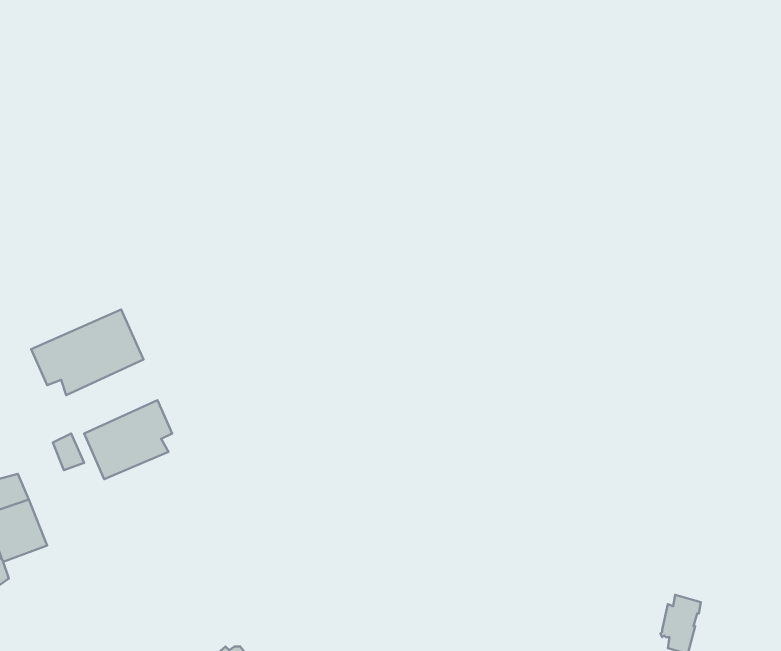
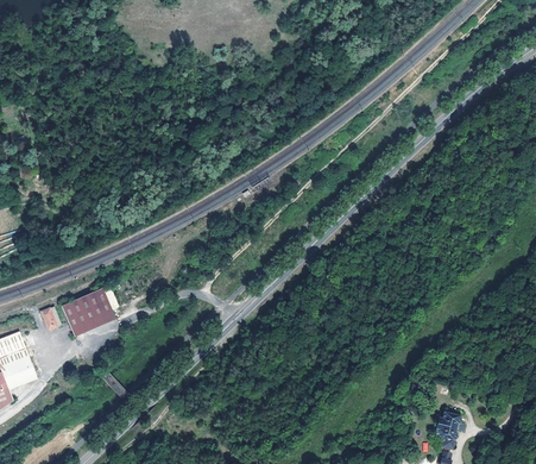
building: [31,310,144,395] -> none

